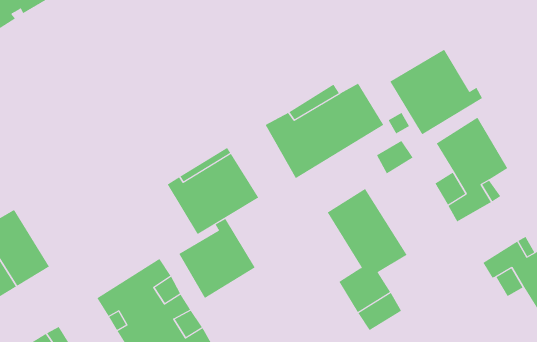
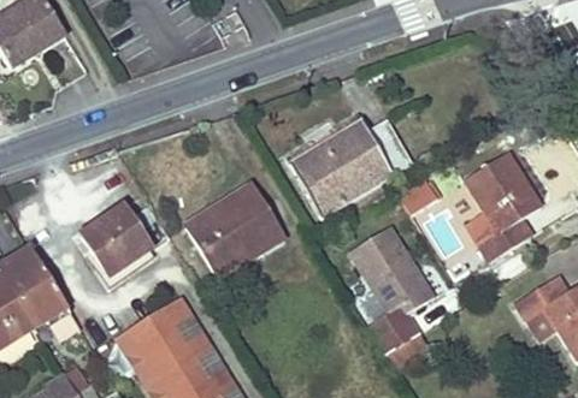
building: [389,49,483,135] -> none
building: none -> [82,208,149,278]
building: [179,218,256,299] -> none

